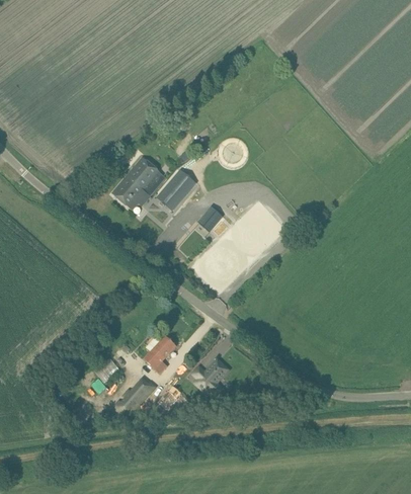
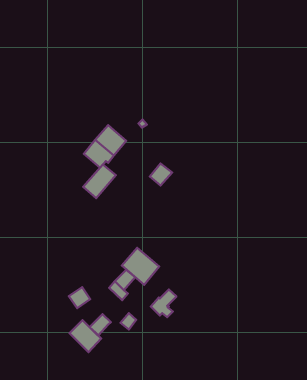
building: [156,169,196,211] -> [83,165,116,198]
building: none -> [122,248,159,285]
building: none -> [69,320,101,352]

